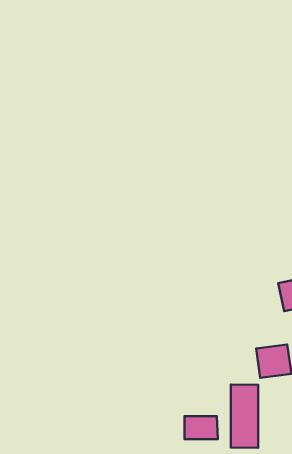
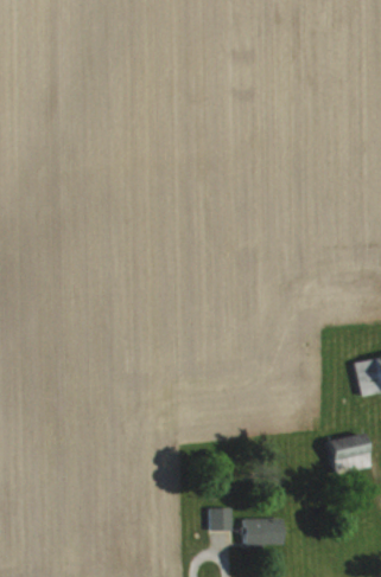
building: [231,385,258,448] -> none
building: none -> [211,507,234,531]

